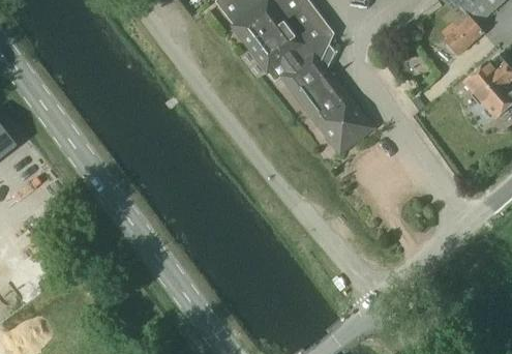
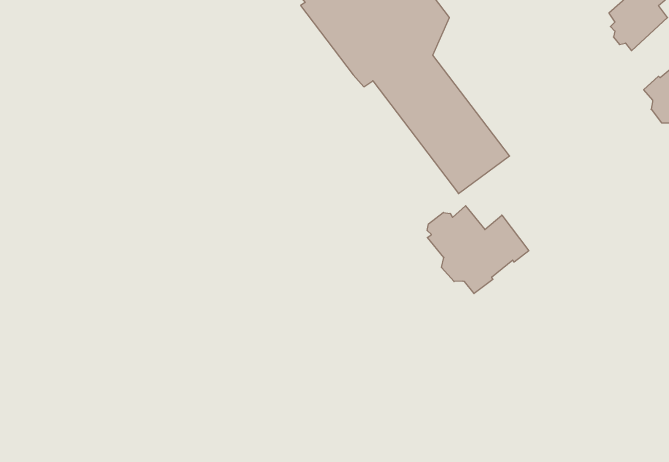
building: none -> [427,206,529,294]

